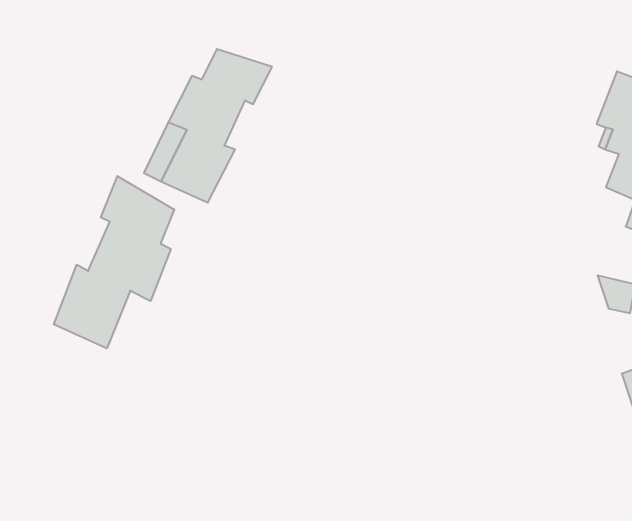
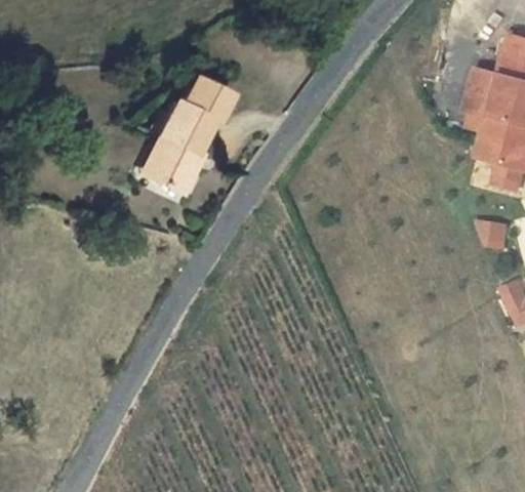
building: [54,176,174,348] -> none

